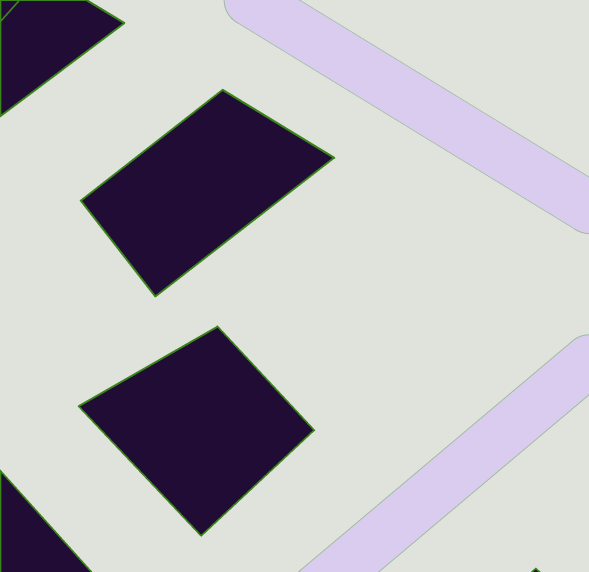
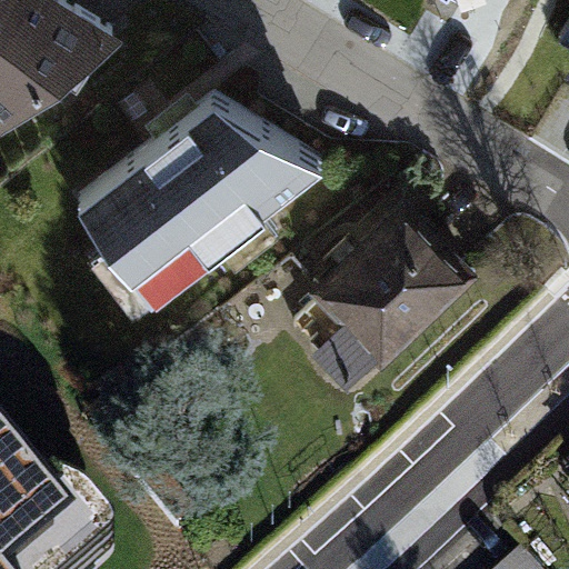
building: none -> [310,219,462,397]
building: [79,326,314,536] -> none

